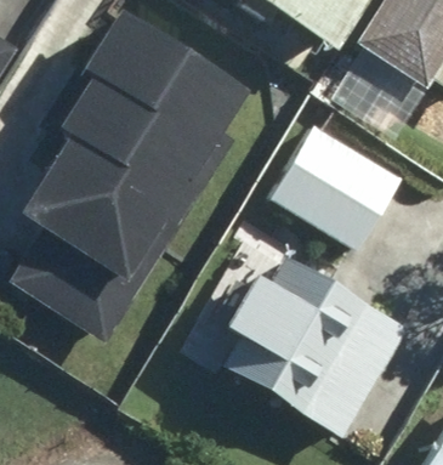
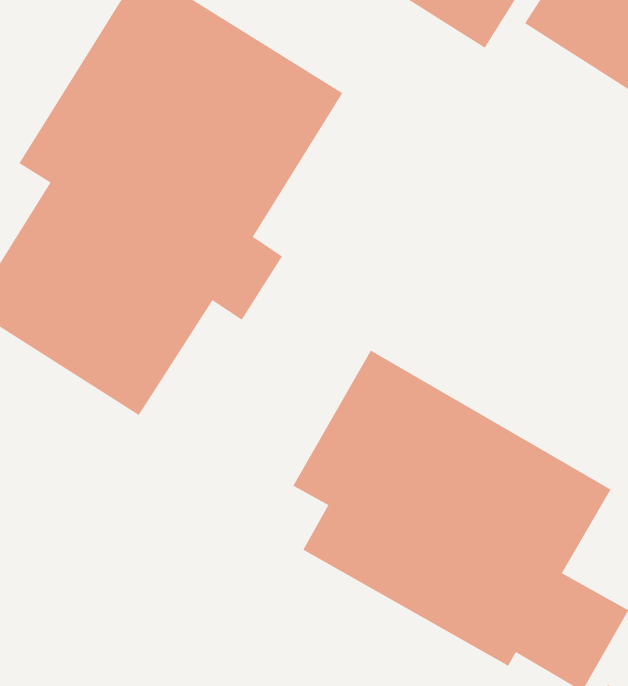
building: [272,119,409,255] -> none

